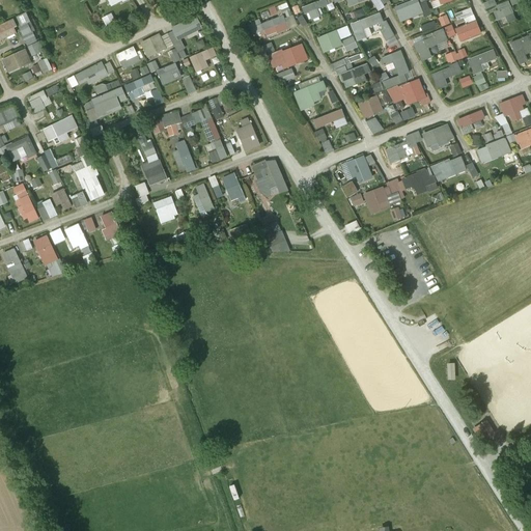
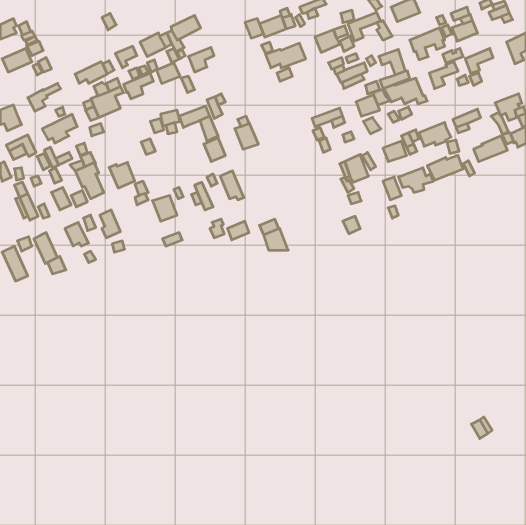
building: [294,81,327,111] -> none
building: [173,140,196,172] -> none
building: [141,160,167,186] -> [109,162,135,188]
building: [252,160,288,197] -> none
building: [364,187,390,214] -> none

